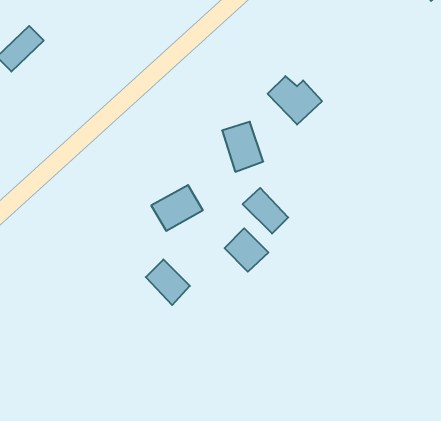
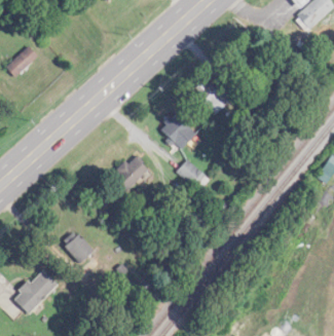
building: [225,228,268,272] -> none
building: [146,259,190,305] -> [63,232,94,264]
building: none -> [13,269,58,313]

